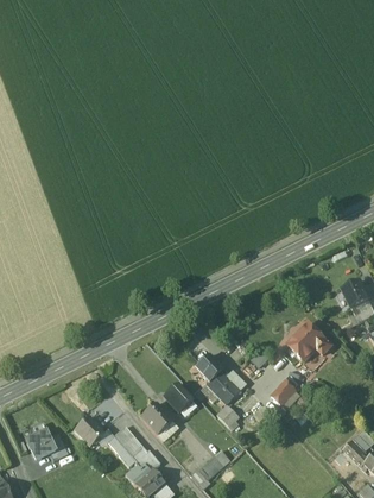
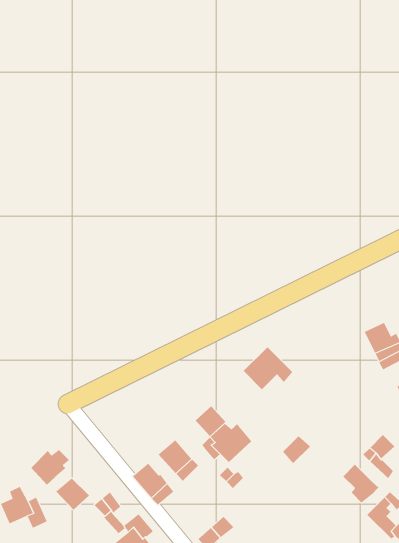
building: [287,323,331,361] -> [243,346,293,390]
building: none -> [30,449,70,485]
building: none -> [342,464,379,504]

